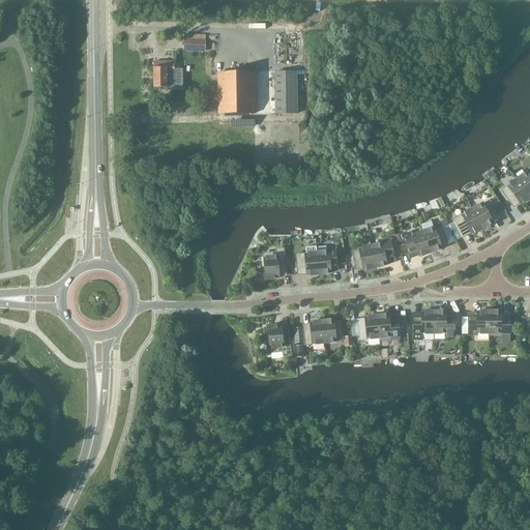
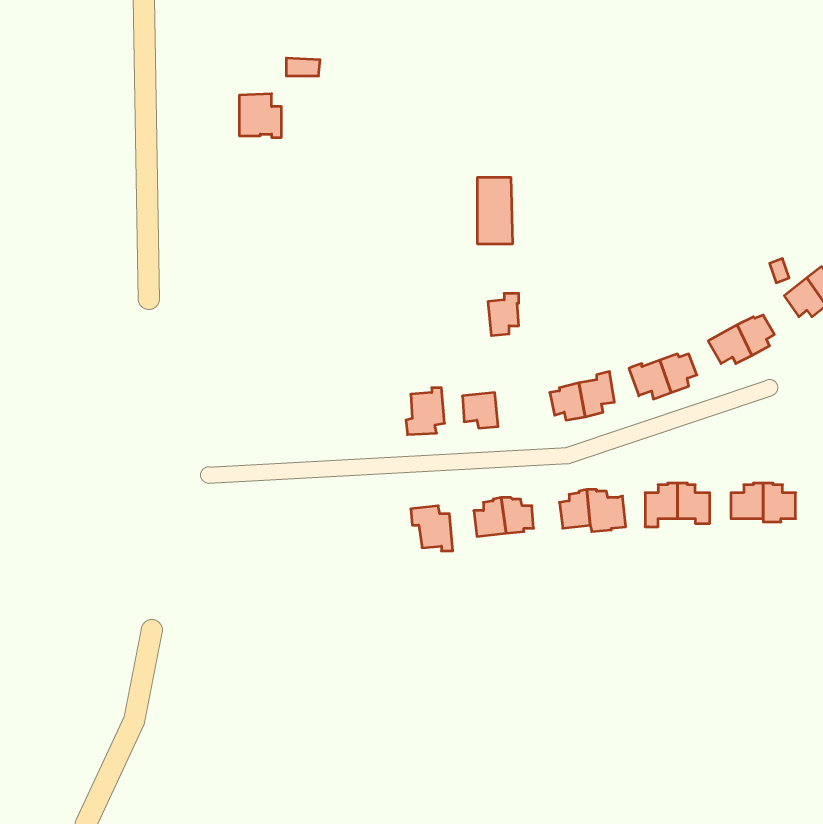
building: [276,70,299,113] -> [477,178,513,244]
building: [219,71,257,113] -> none
building: [319,246,338,273] -> [488,293,519,336]

